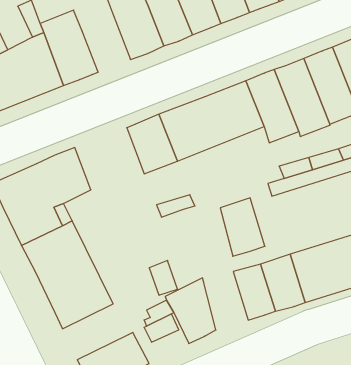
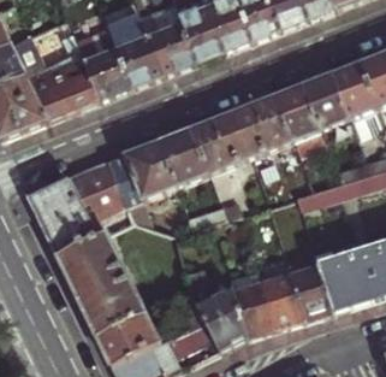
building: none -> [115,28,162,87]
building: none -> [108,141,176,205]
building: [220,198,265,256] -> [233,281,277,337]
building: none -> [96,312,160,366]

